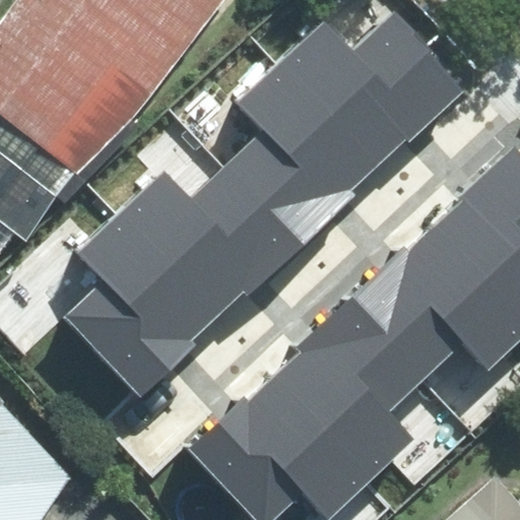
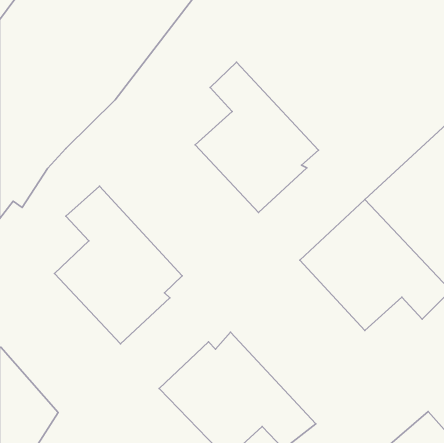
building: [274,16,464,174] -> none
building: [116,168,300,319] -> none
building: [267,301,422,490] -> none

